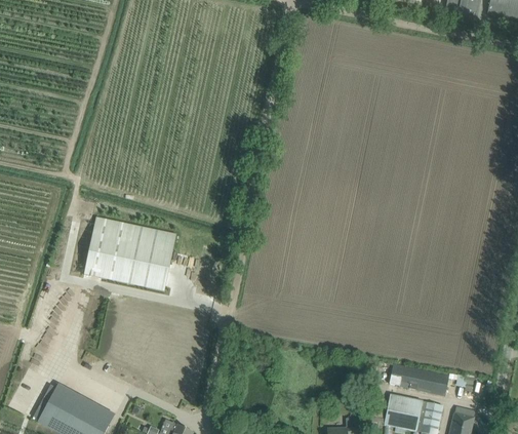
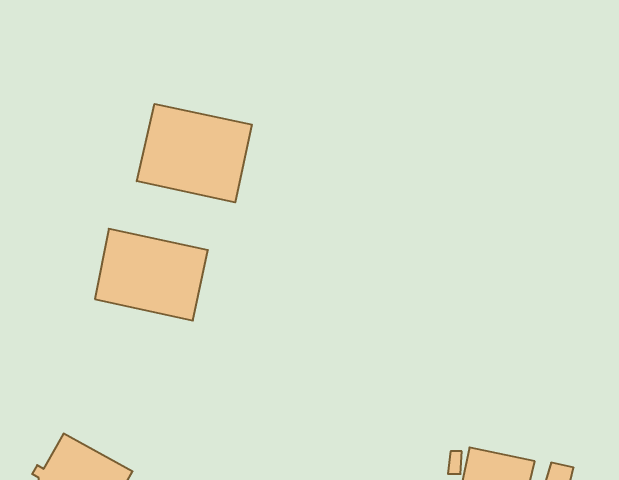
building: none -> [137,104,252,202]
building: [389,363,449,395] -> none

